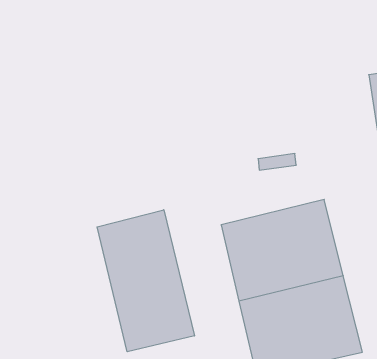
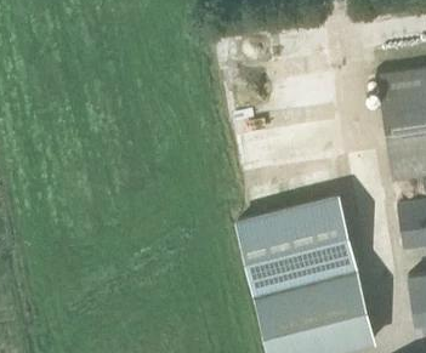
building: [97,210,194,352] -> none

